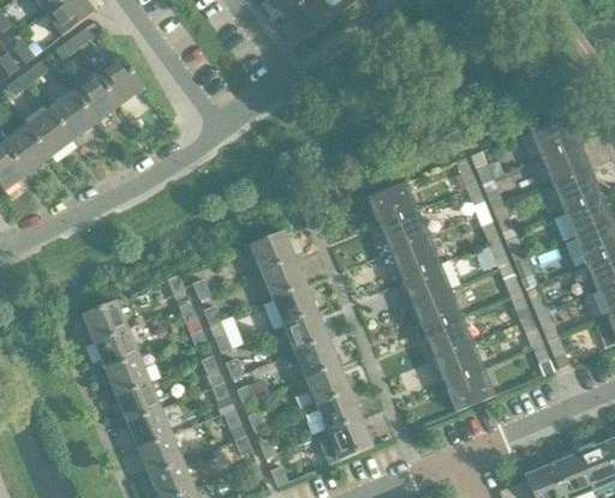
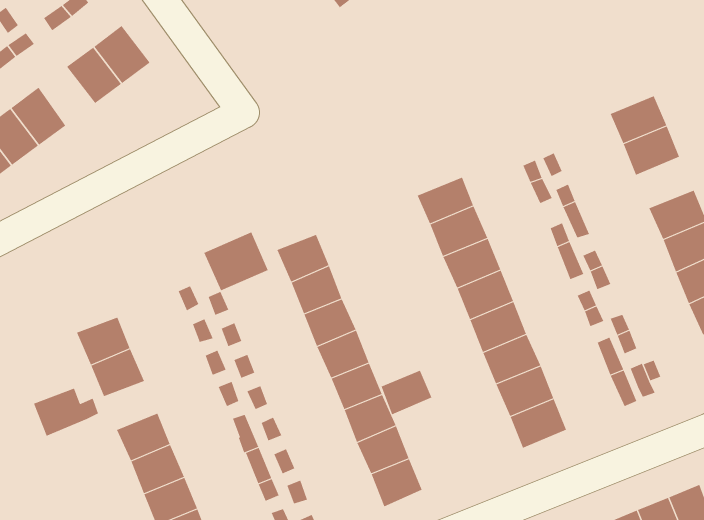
building: [50,90,97,139] -> none
building: [551,166,601,209] -> none
building: none -> [203,232,269,291]
building: none -> [381,370,432,415]
building: [105,354,160,395] -> [33,388,99,436]

